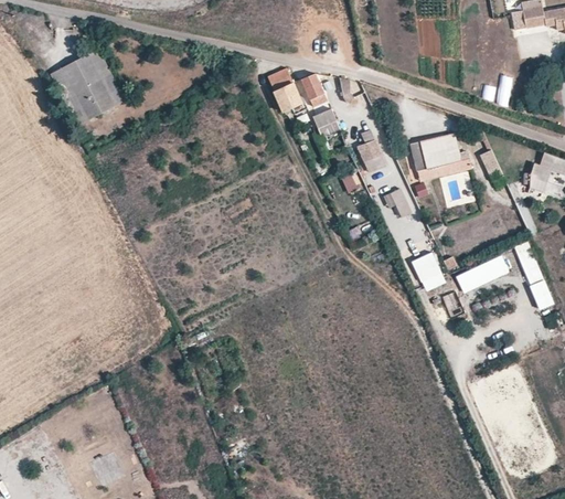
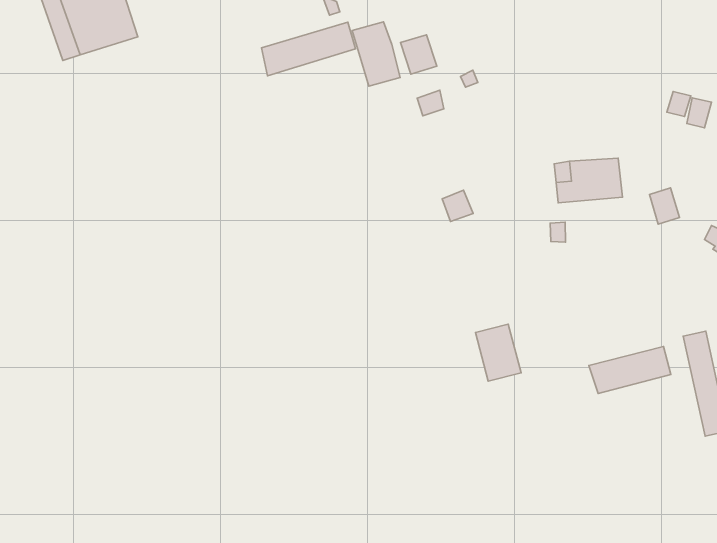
building: none -> [261,22,355,76]
building: [356,129,386,173] -> none
building: [383,189,411,219] -> none
building: [412,252,446,291] -> [475,324,521,381]

